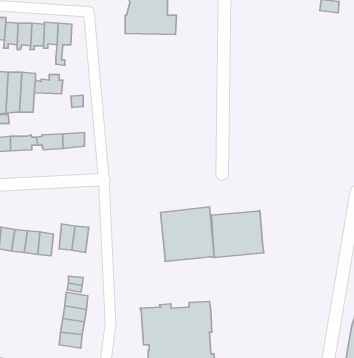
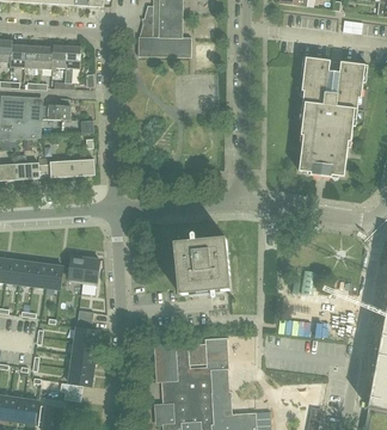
building: none -> [299,56,367,177]
building: [211,211,264,258] -> none

